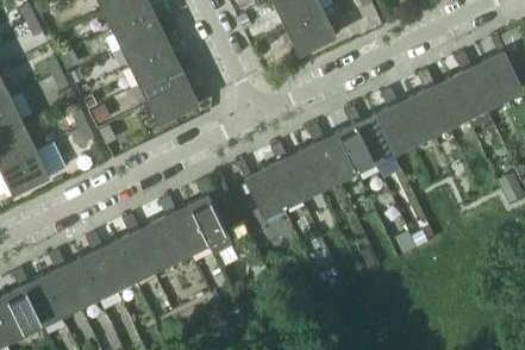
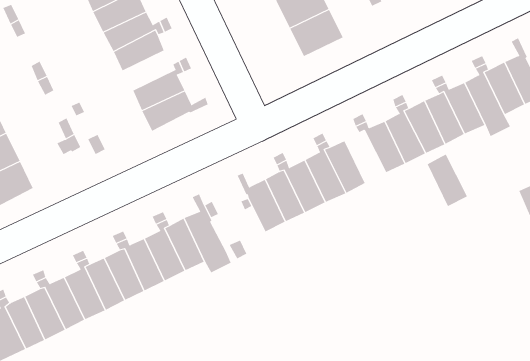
building: [131,50,180,87] -> none
building: [337,124,375,173] -> [427,154,468,207]

